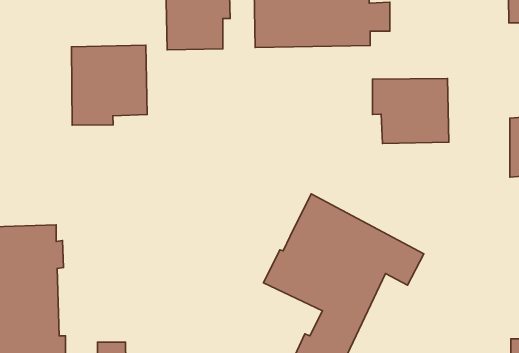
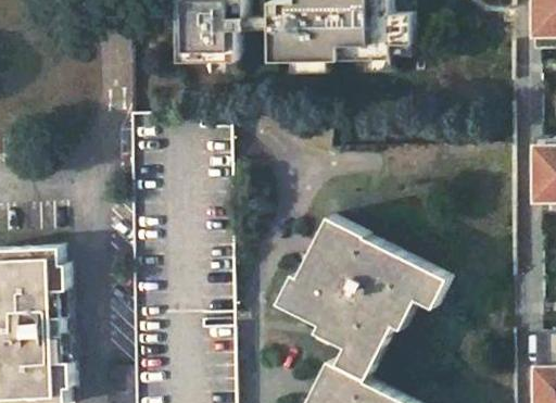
building: [72,45,147,125] -> none
building: [372,79,449,143] -> none

